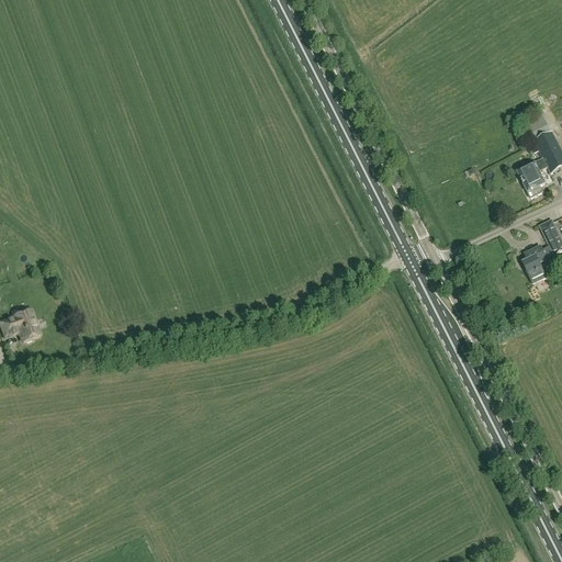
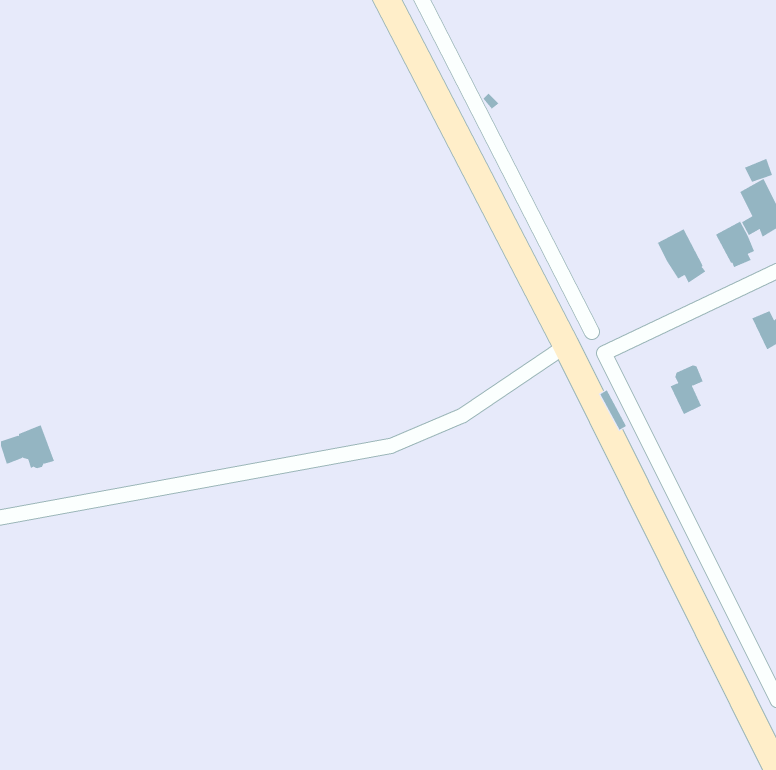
building: none -> [656,228,706,284]
building: [524,245,548,281] -> [670,365,703,415]

